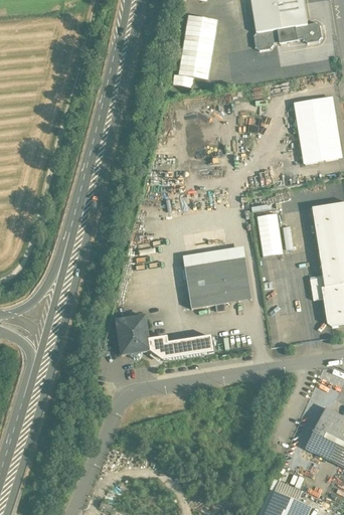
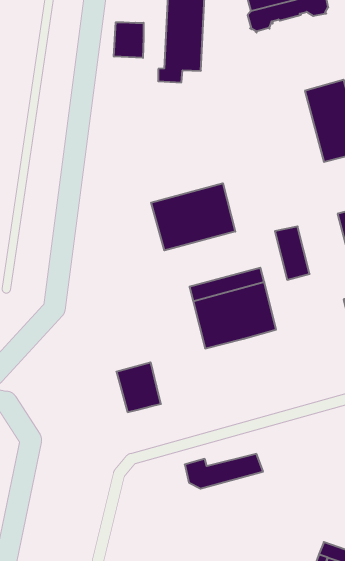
building: none -> [114,22,144,58]
building: none -> [151,183,235,250]
building: [148,332,212,356] -> [185,454,263,489]

